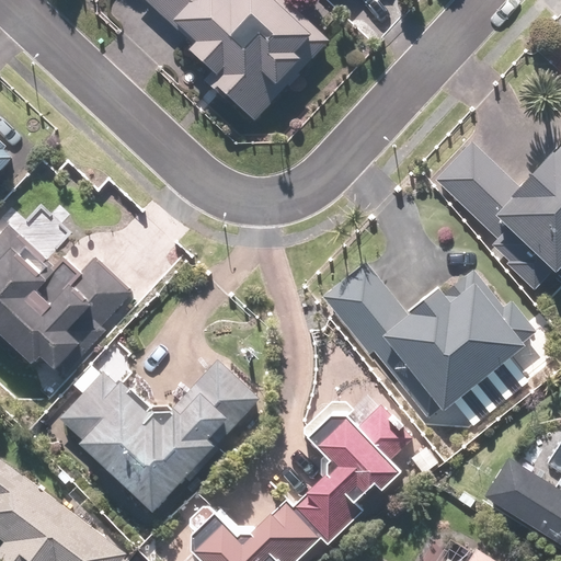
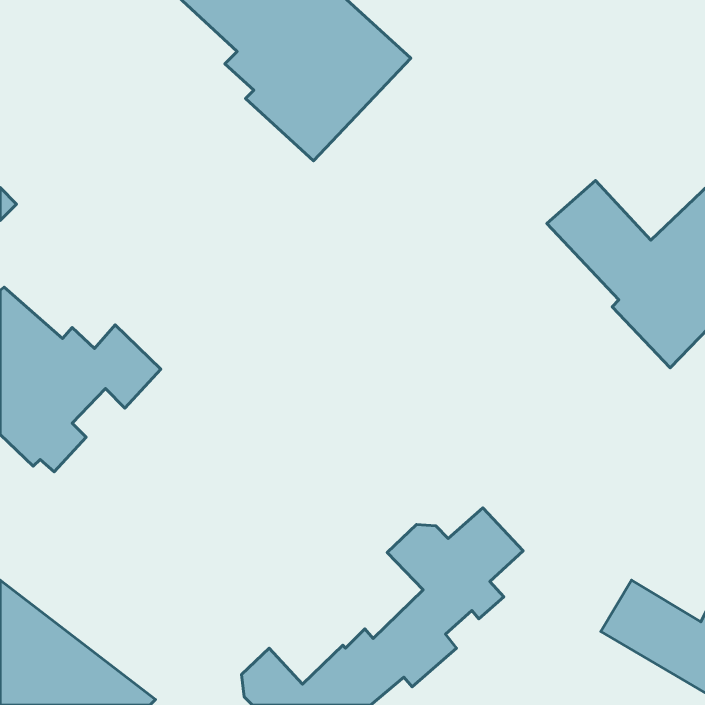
building: [322,261,539,423] -> none
building: [61,357,260,514] -> none

